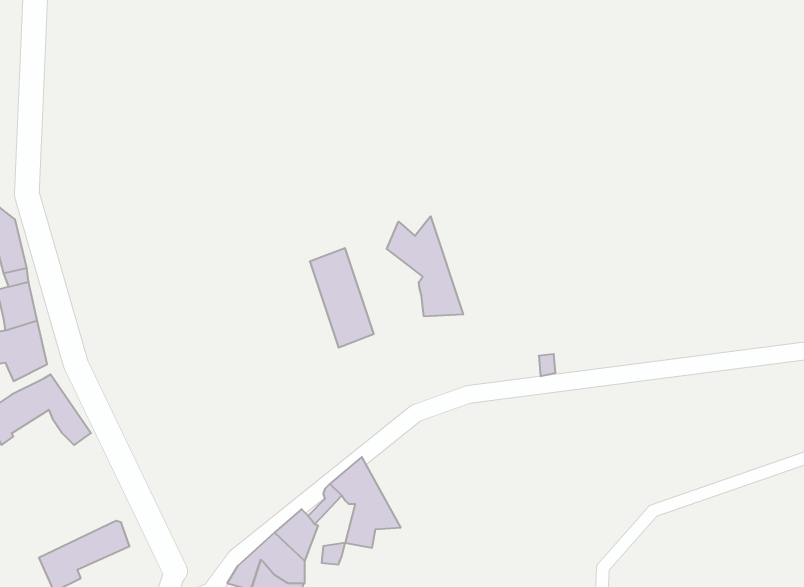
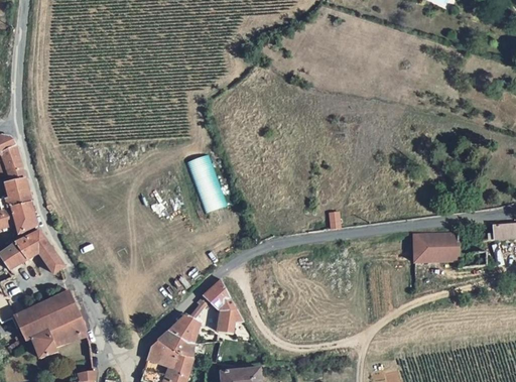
building: [387,216,463,316] -> none
building: none -> [418,235,460,263]
building: none -> [10,293,74,343]

